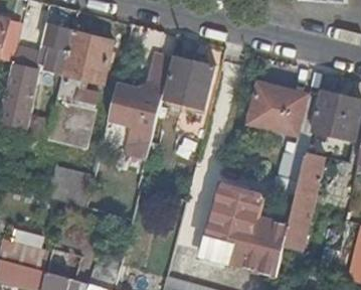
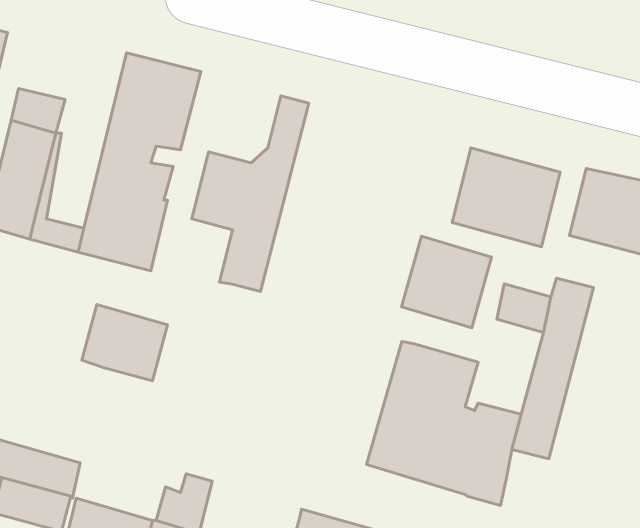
building: [37,23,72,71] -> none
building: [161,55,213,109] -> none
building: none -> [402,236,491,328]

